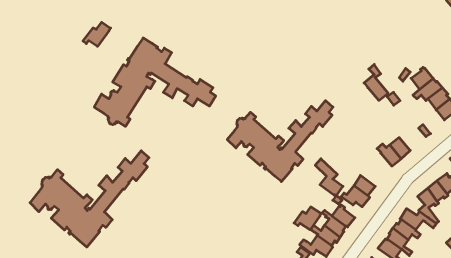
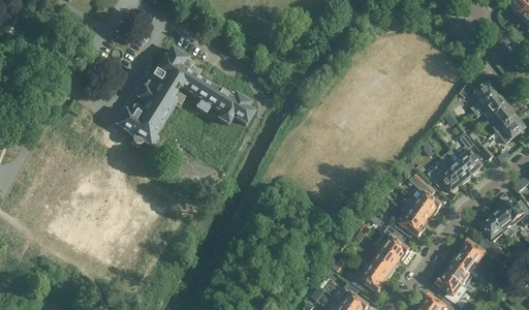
building: [83,22,111,46] -> none
building: [364,64,388,100] -> [455,132,481,173]
building: [227,101,333,182] -> none
building: [30,151,149,247] -> none
building: [315,159,343,196] -> [410,172,441,213]
building: [294,207,321,230] -> none

